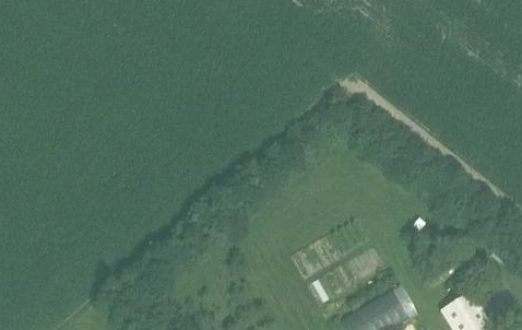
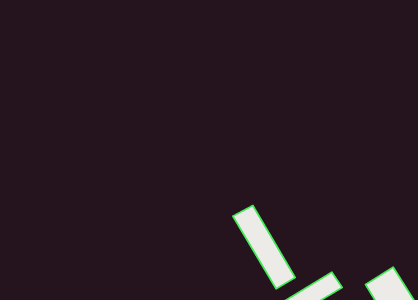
building: none -> [233,206,295,289]

